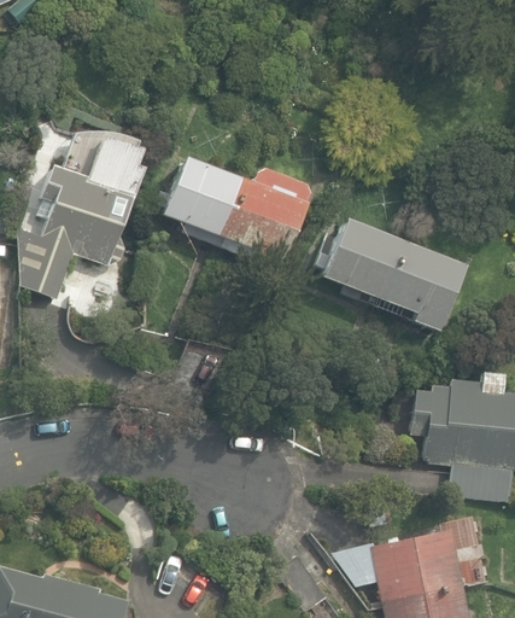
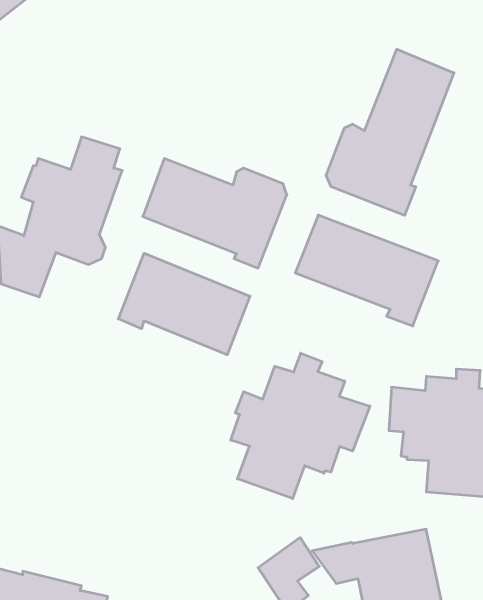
building: none -> [326,49,454,215]
building: none -> [118,253,250,355]
building: none -> [231,353,370,499]

